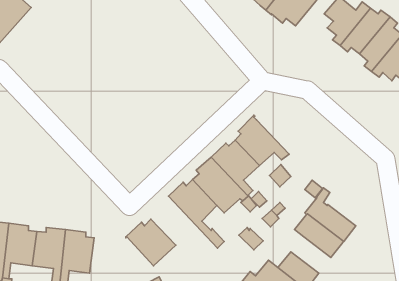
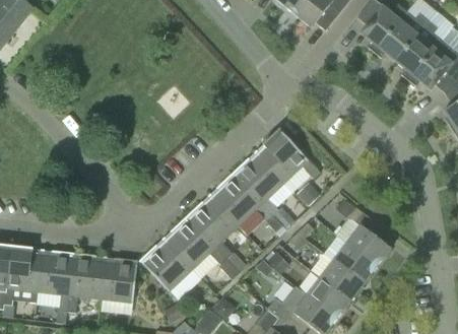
building: none -> [167,215,240,278]
building: none -> [311,252,364,299]
building: none -> [100,257,137,304]

